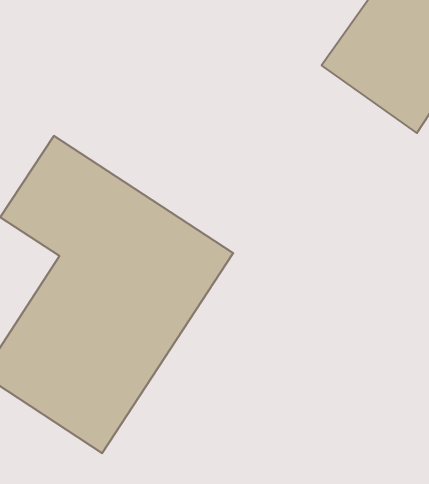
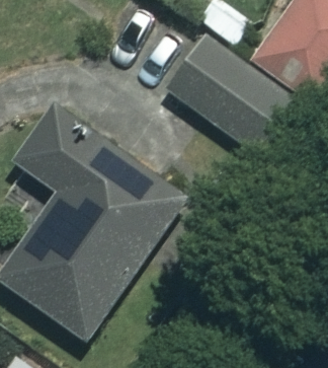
building: none -> [162,33,306,160]

